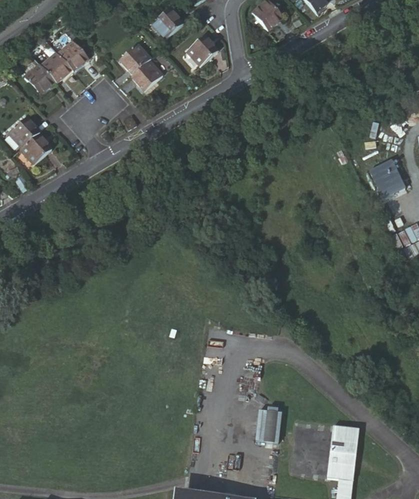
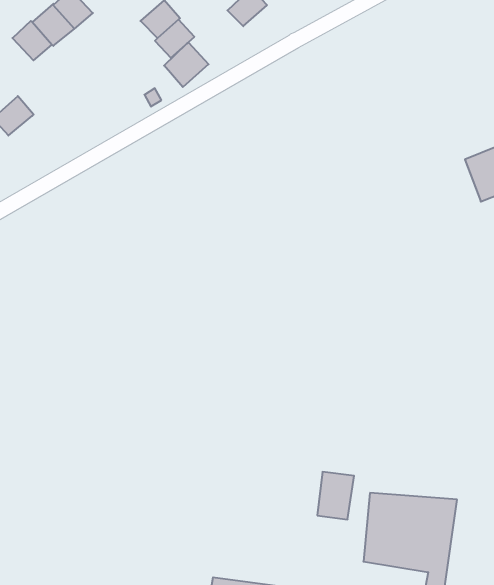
building: none -> [164,42,209,87]
building: [20,135,51,165] -> none

